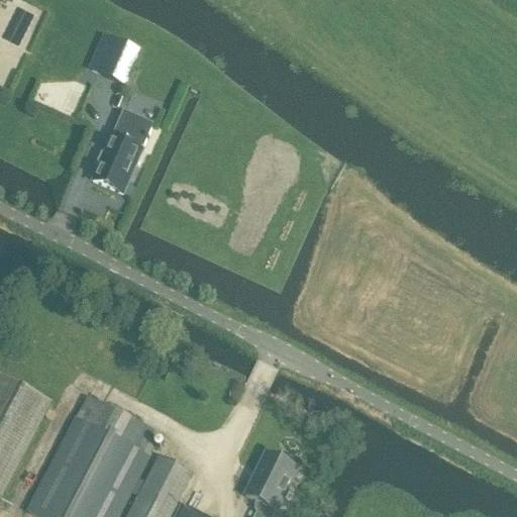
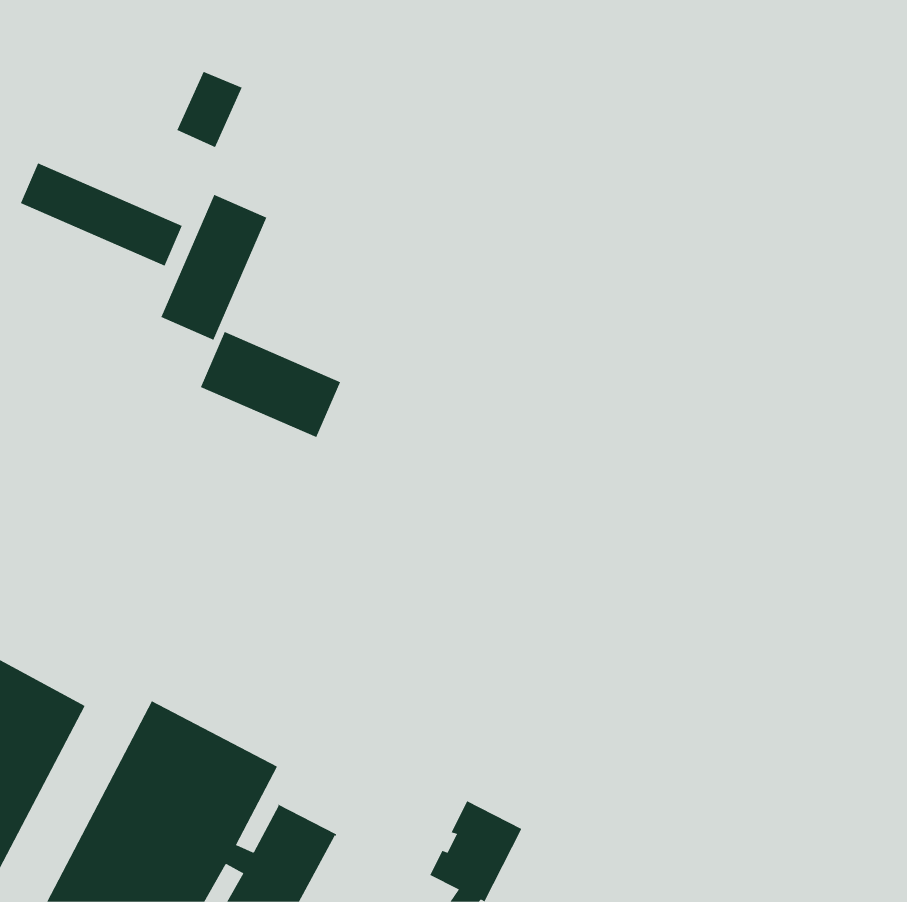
building: none -> [20,163,183,267]
building: none -> [200,331,341,438]

